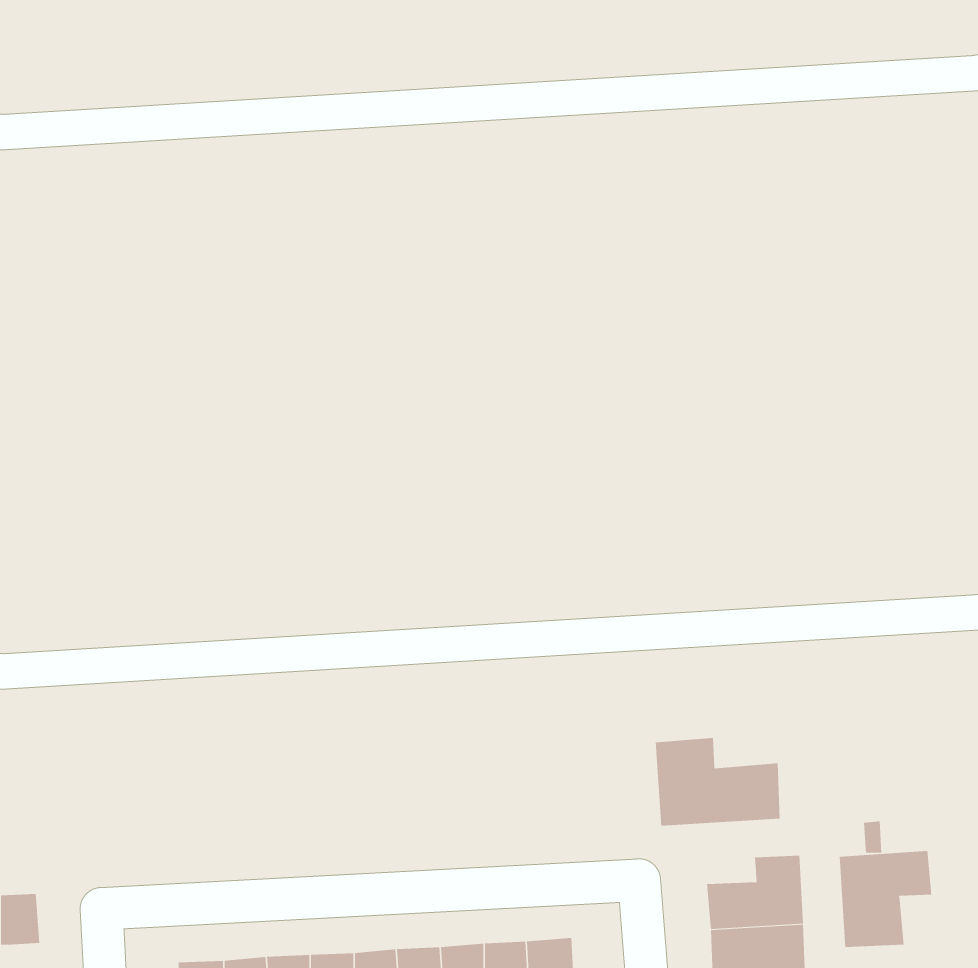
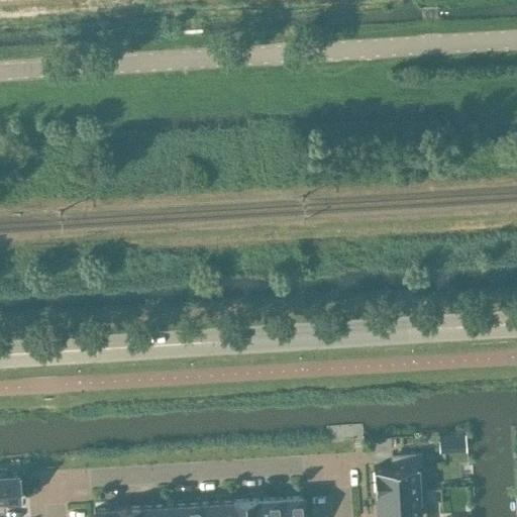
building: [655,737,780,826] -> none
building: [839,850,932,948] -> none

